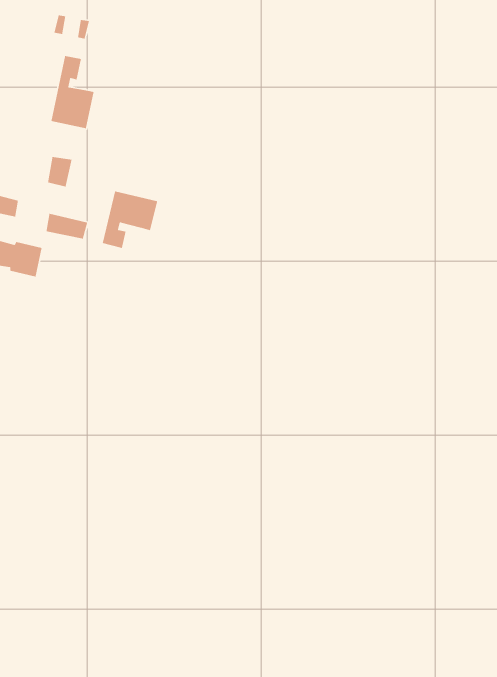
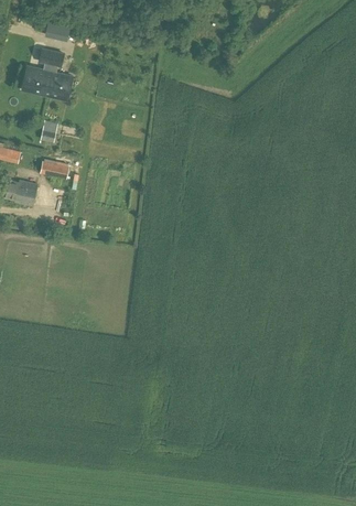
building: none -> [21,46,53,95]
building: [102,190,158,249] -> none

